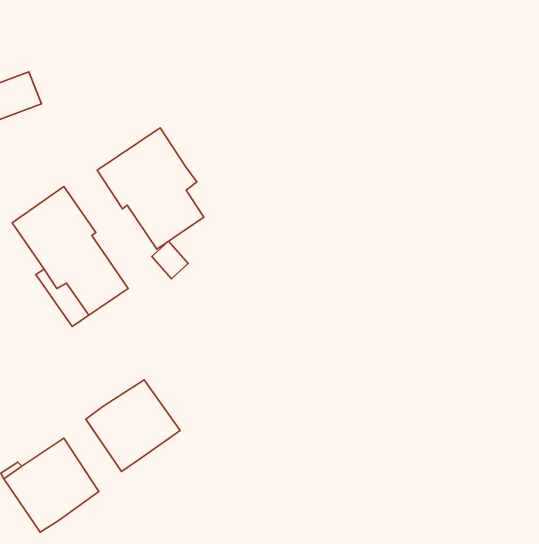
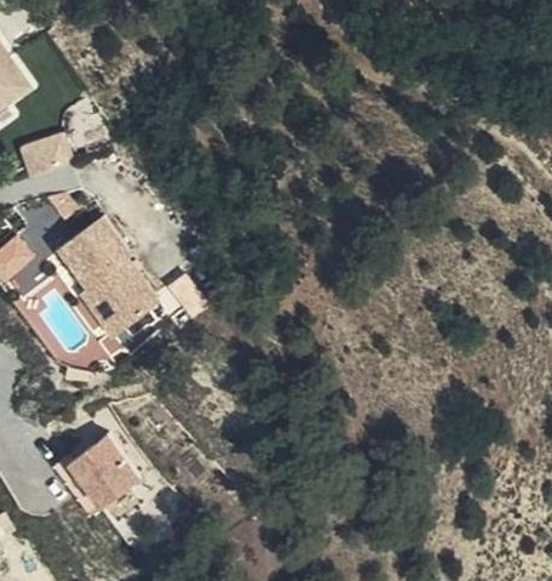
building: [97,128,204,249] -> none
building: [86,380,180,471] -> none

